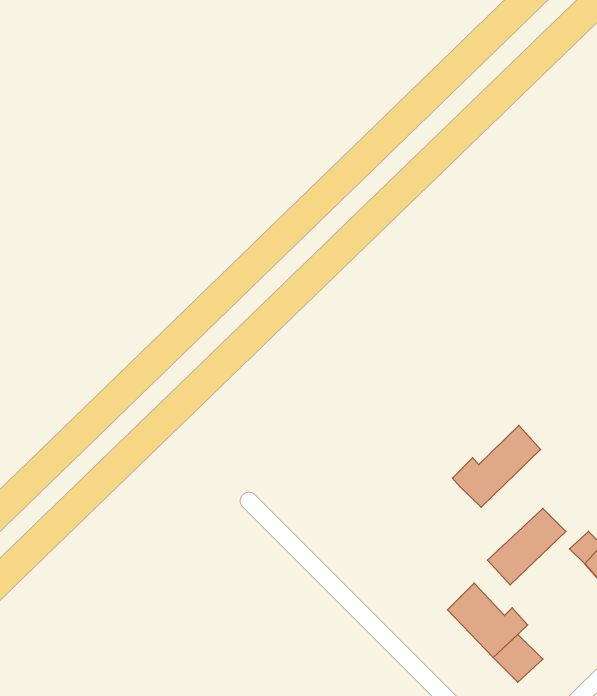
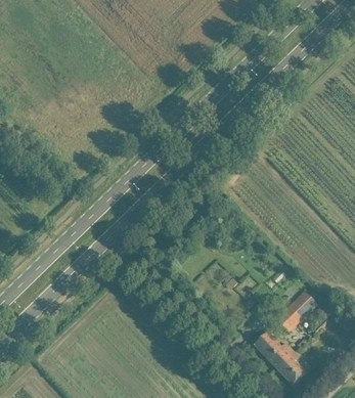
building: [452,426,541,507] -> none

